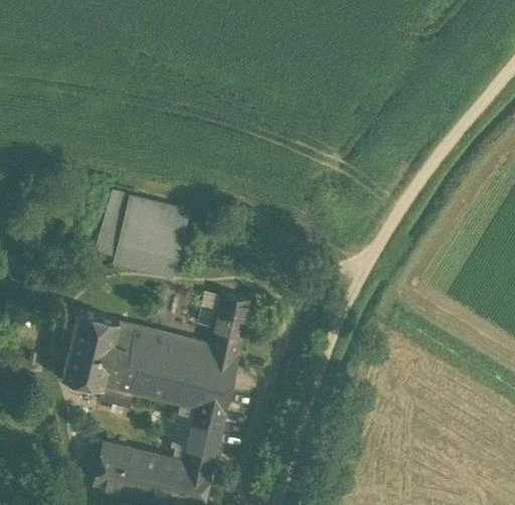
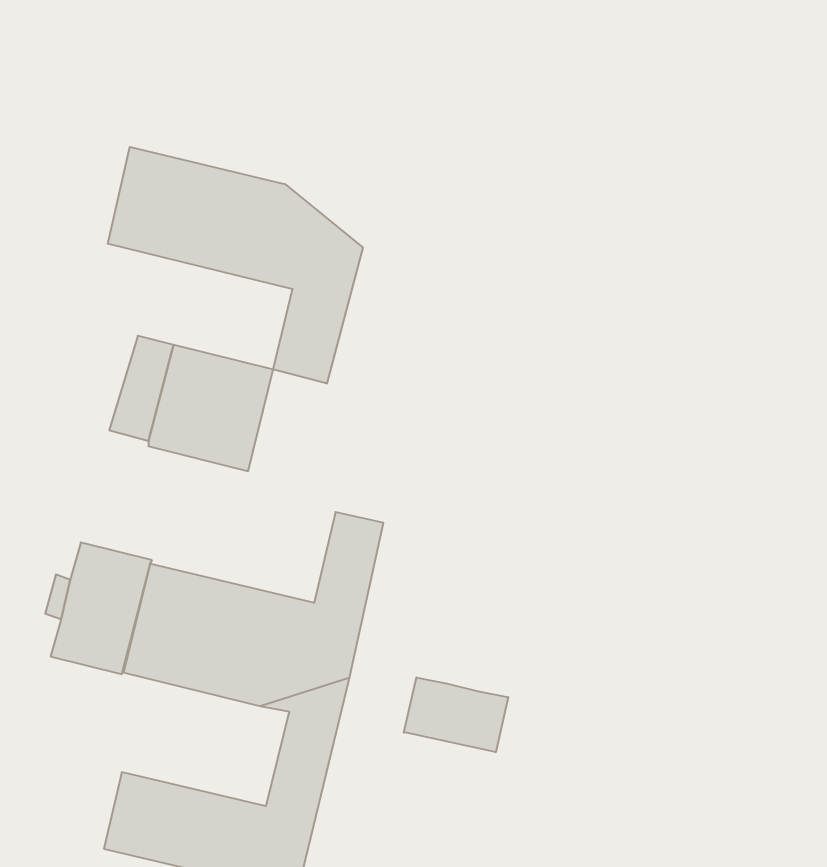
building: none -> [108,147,363,384]
building: none -> [404,677,508,752]

